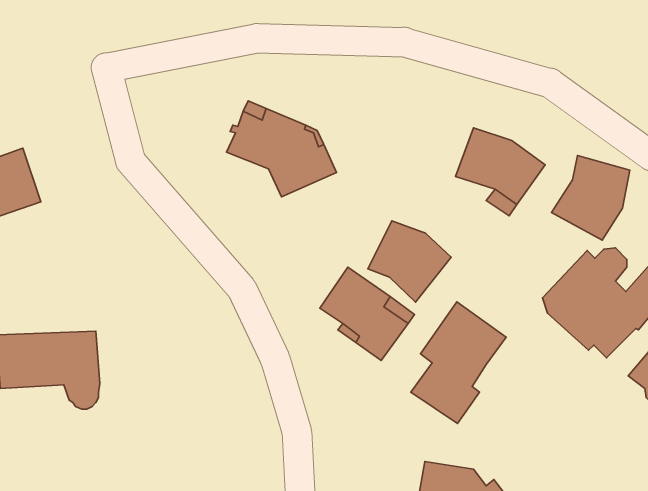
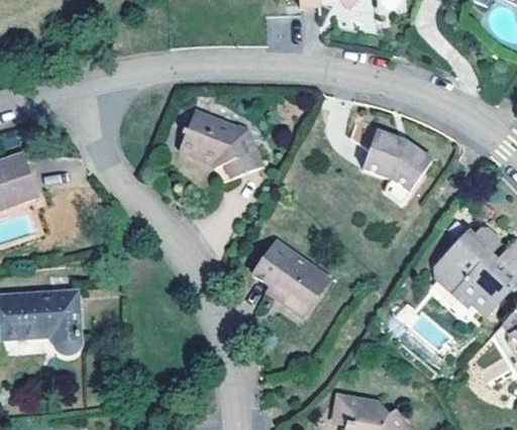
building: [551,155,630,240] -> none
building: [368,221,451,302] -> none
building: [411,302,506,424] -> none

